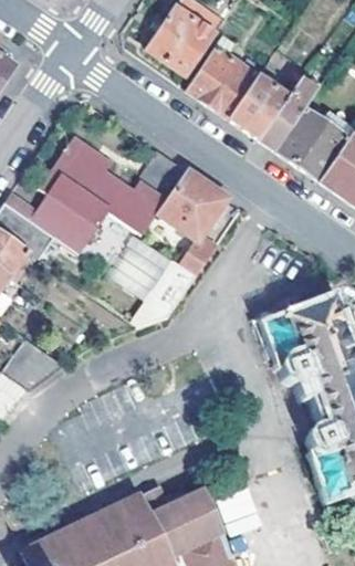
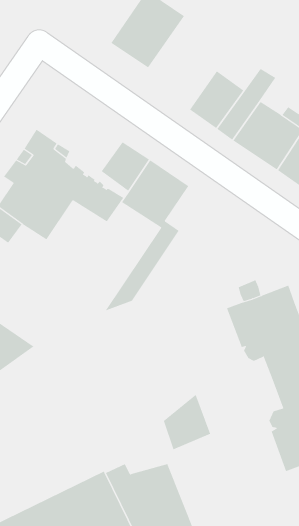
building: [186,35,258,117] -> none
building: none -> [163,394,211,450]

